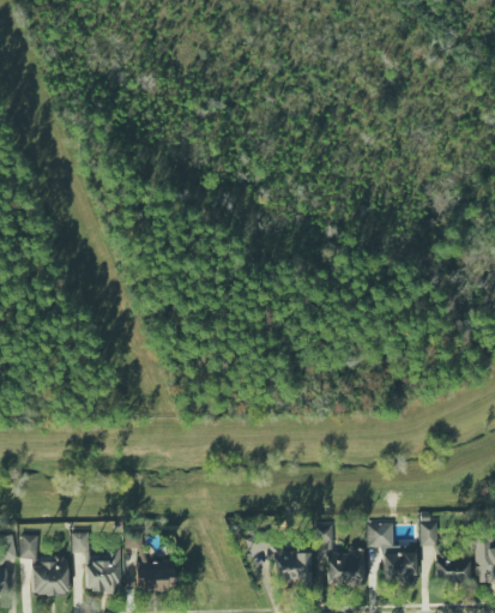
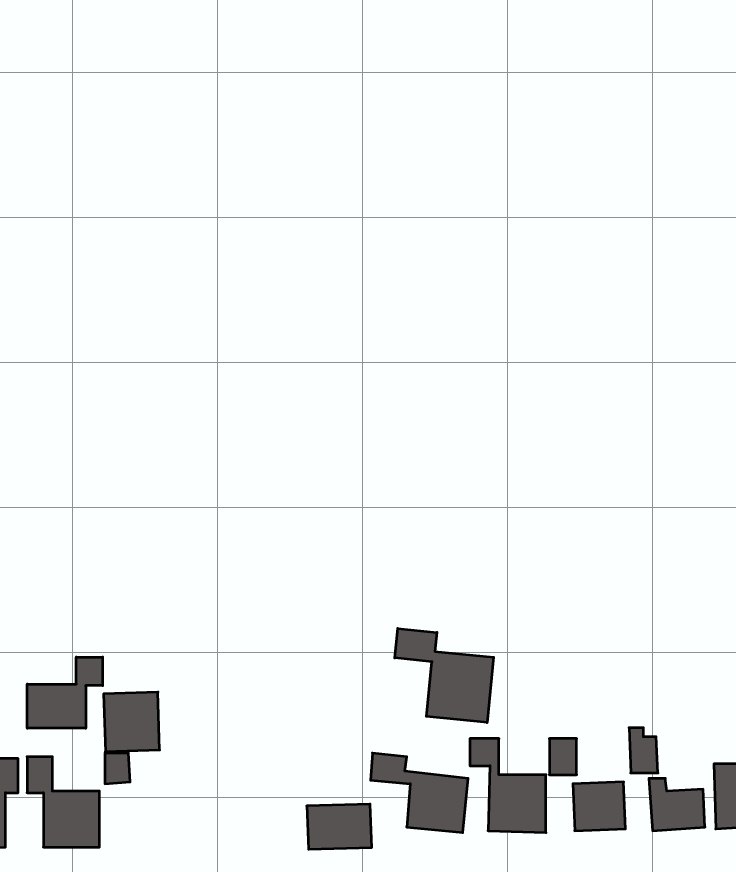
building: none -> [395,628,494,723]
building: none -> [27,657,103,728]
building: [85,553,122,593] -> [104,692,160,752]
building: [133,561,176,591] -> [307,804,372,849]

